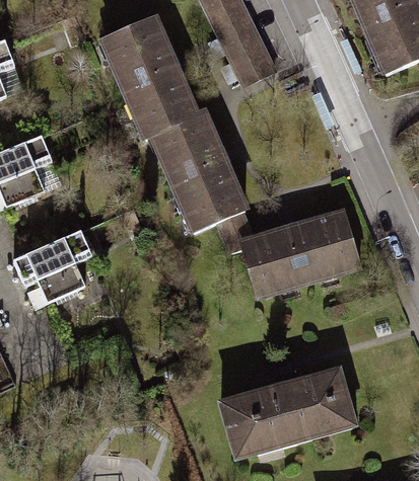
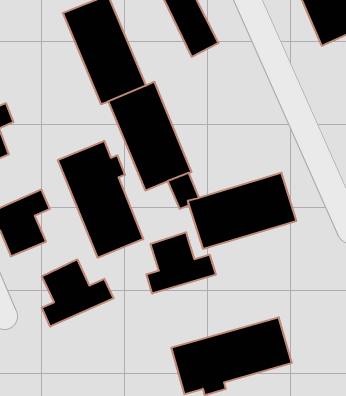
building: none -> [58,141,143,258]
building: none -> [147,232,216,294]
building: none -> [42,259,114,327]

